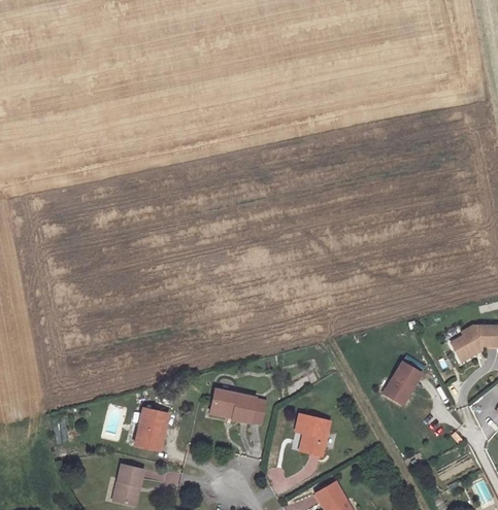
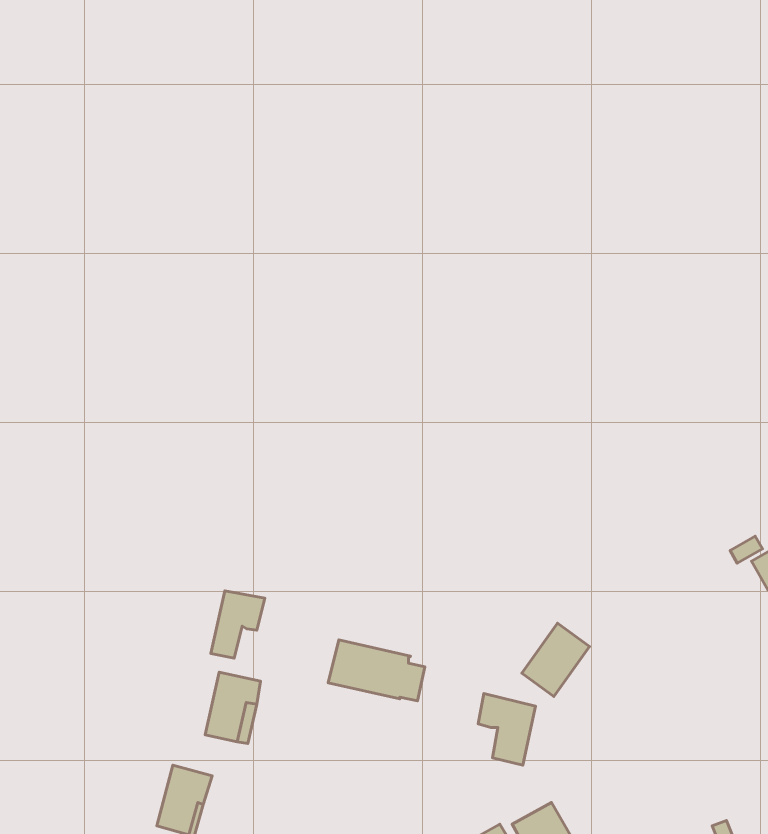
building: none -> [211,591,265,658]
building: [388,362,427,404] -> [522,623,590,696]

